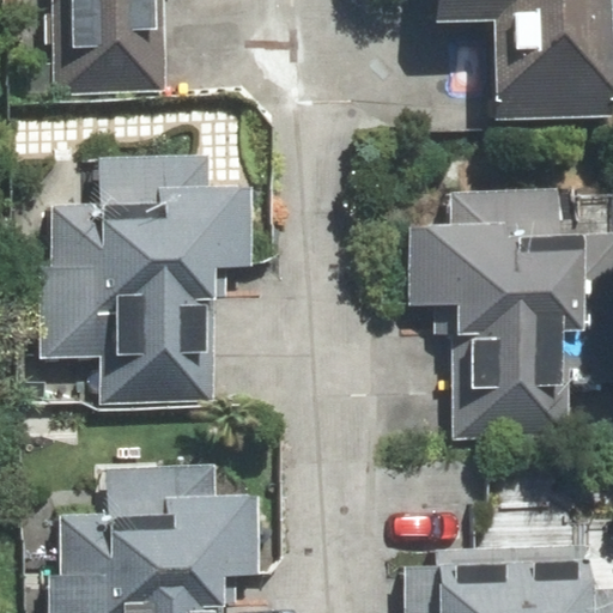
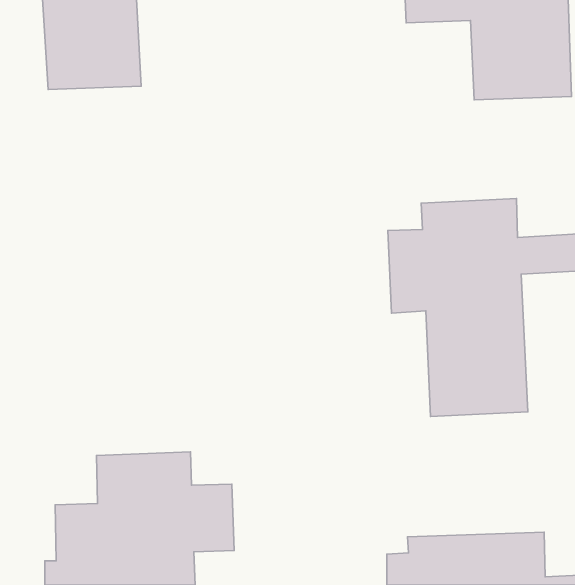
building: [49,163,232,390] -> none

